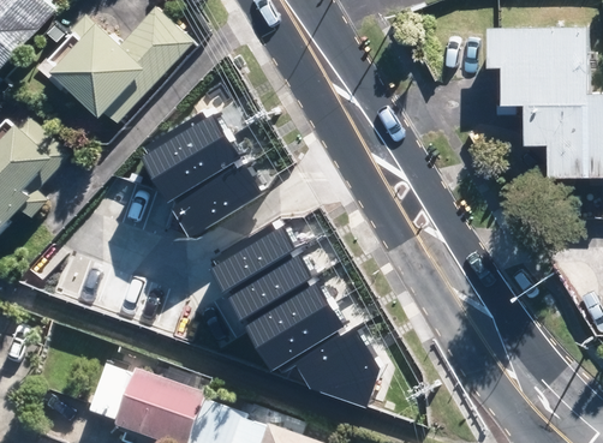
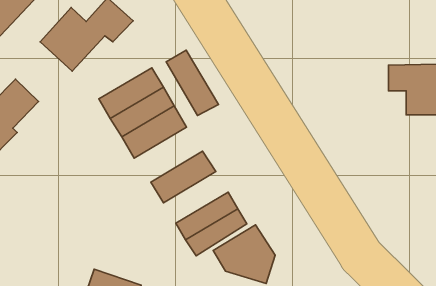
building: [495,31,590,102] -> none
building: none -> [166,50,218,116]
building: [227,250,314,319] -> none

